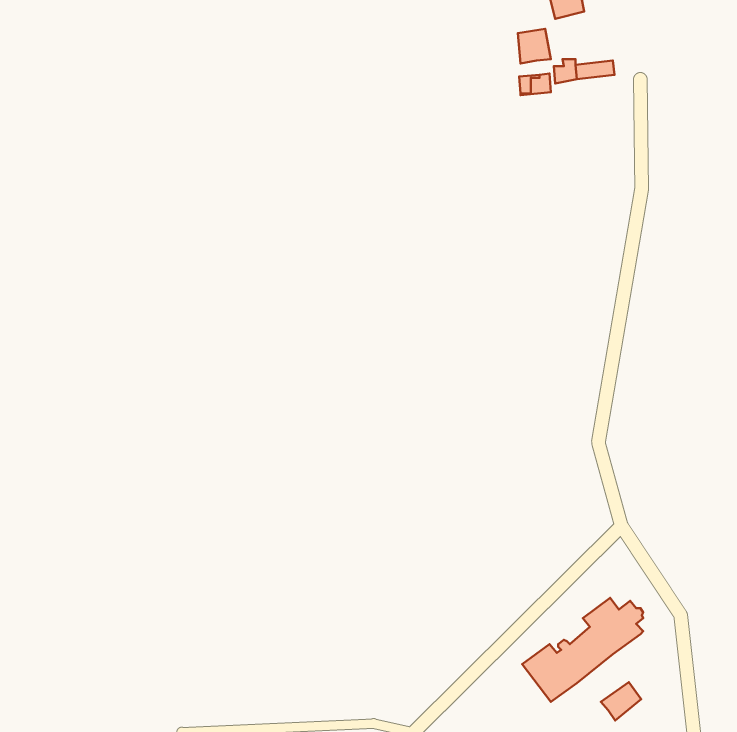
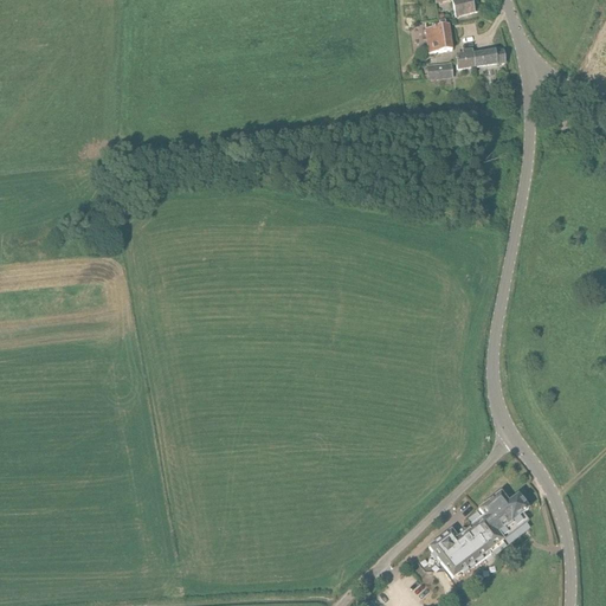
building: [601,682,641,721] -> none

